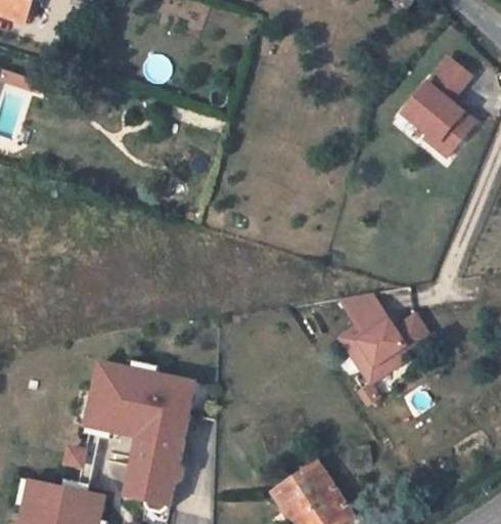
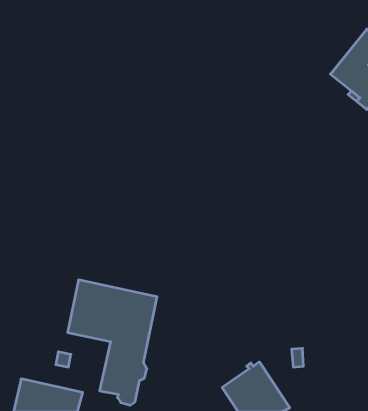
building: [340,294,431,383] -> none

